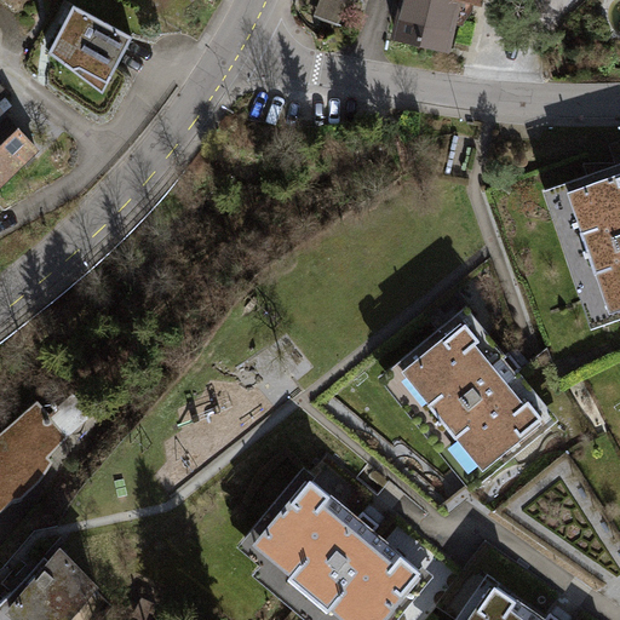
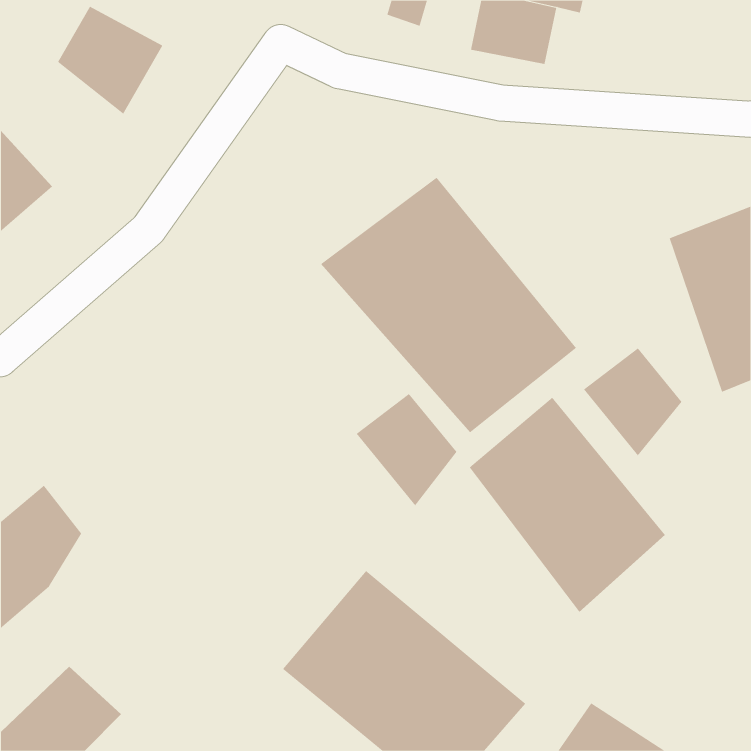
building: none -> [320,177,577,433]
building: none -> [583,348,682,456]
building: none -> [356,393,457,506]

